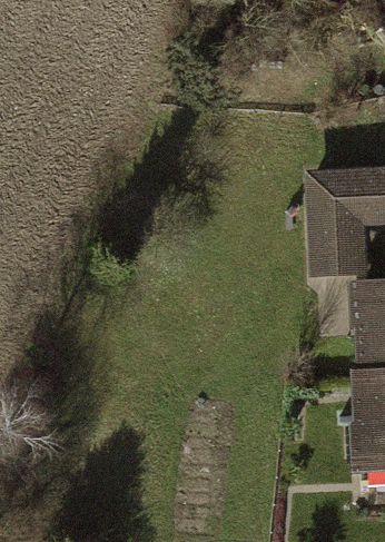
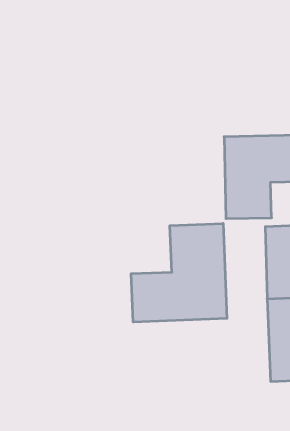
building: none -> [131,223,227,322]

